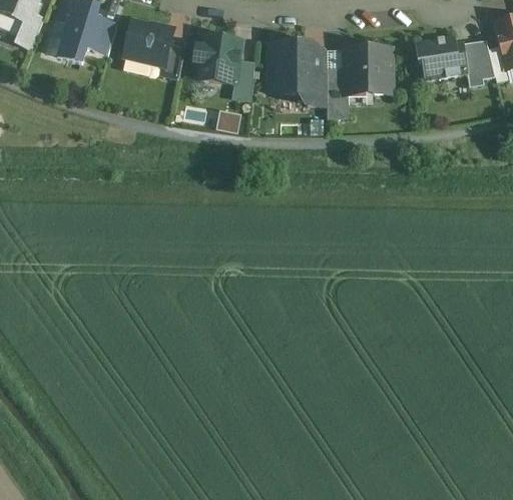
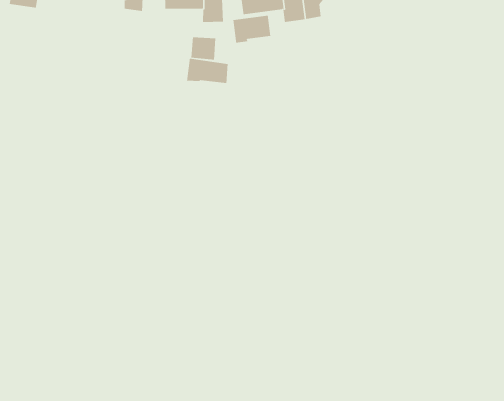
building: none -> [233,15,271,44]
building: none -> [187,58,228,84]

